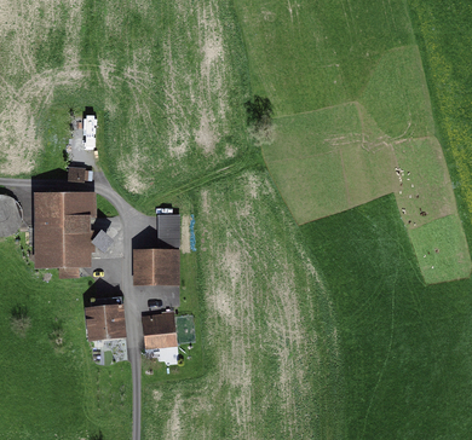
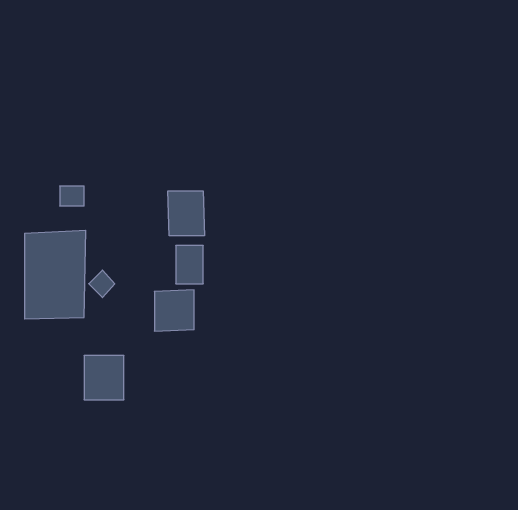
building: none -> [168,191,204,236]
building: [143,313,175,351] -> none

